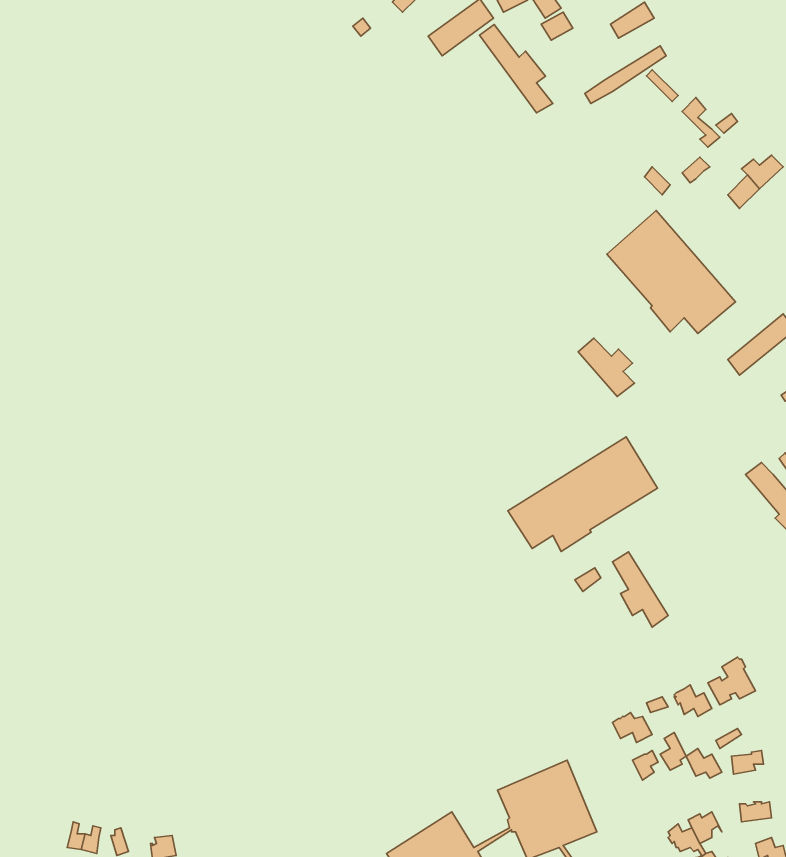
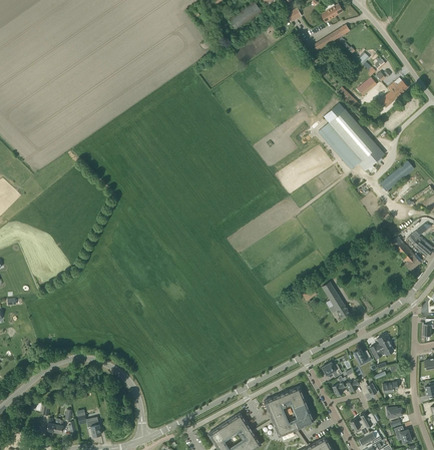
building: [480,25,553,113] -> none
building: [578,338,635,397] -> none
building: [508,437,658,551] -> none

